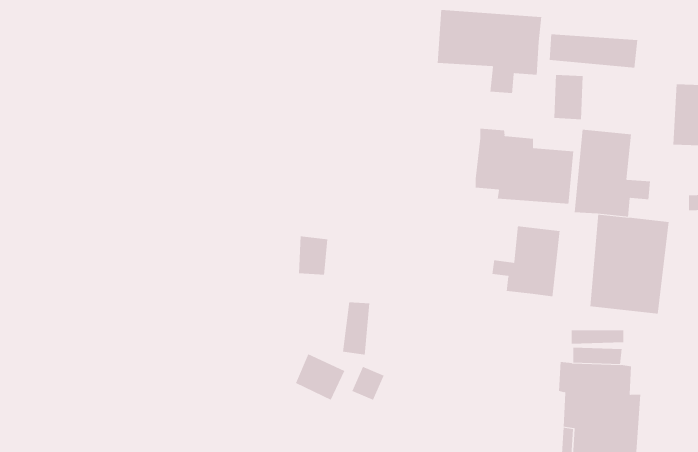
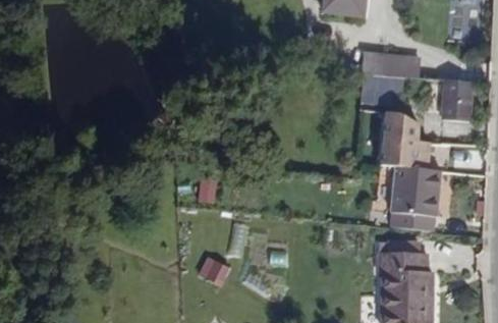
building: [437,9,542,94] -> none
building: [475,128,574,204] -> none
building: [492,226,560,297] -> none

